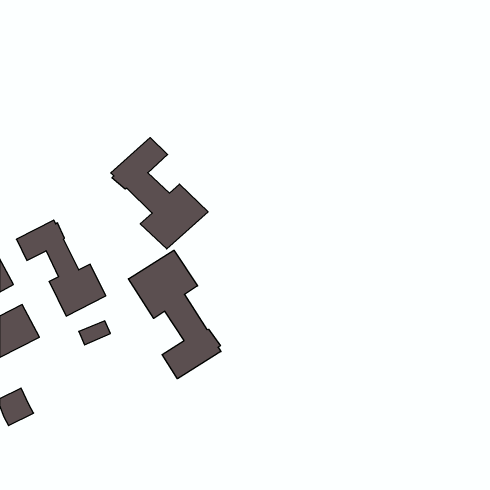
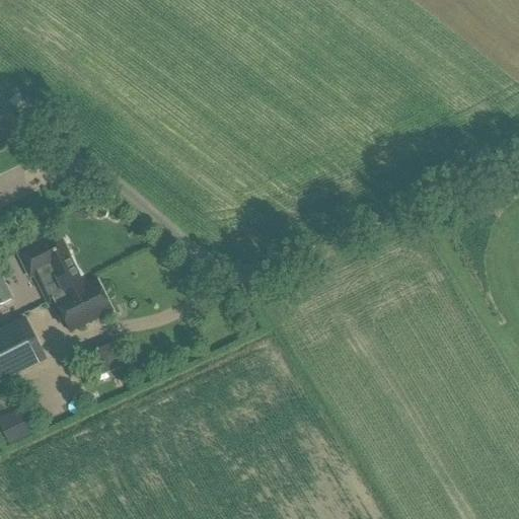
building: [111,138,208,249] -> none
building: [128,250,221,379] -> none

